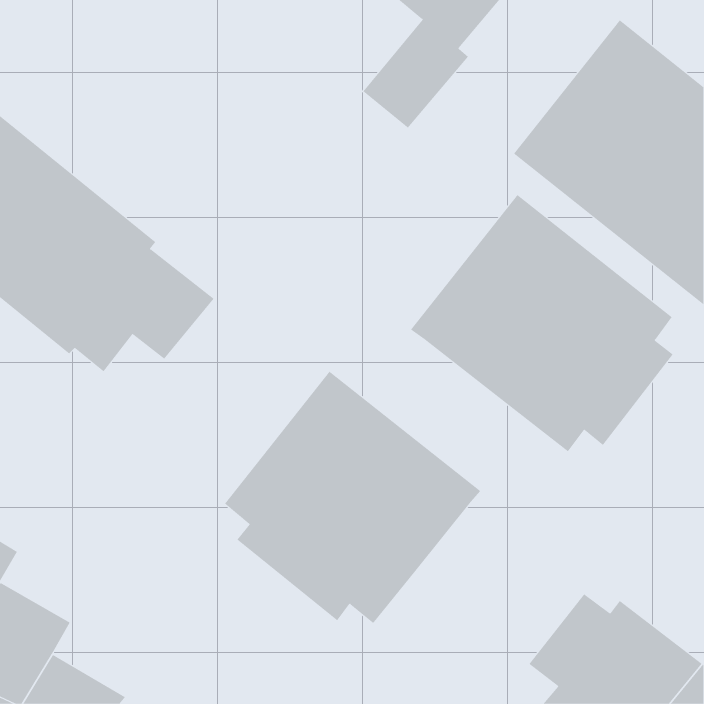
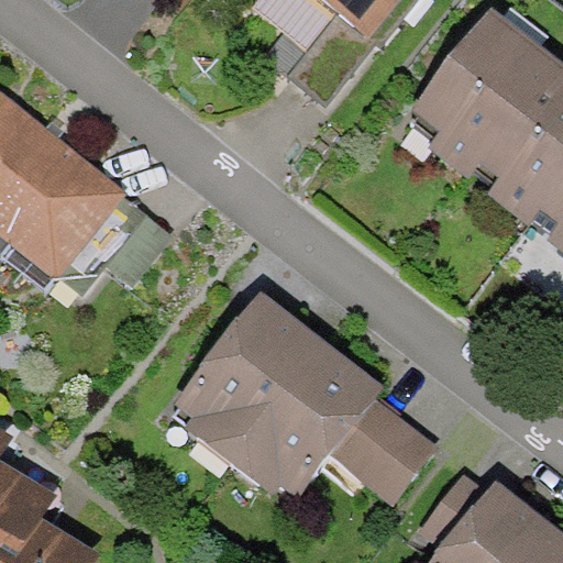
building: [410,194,674,452] -> none
building: none -> [331,399,432,499]

